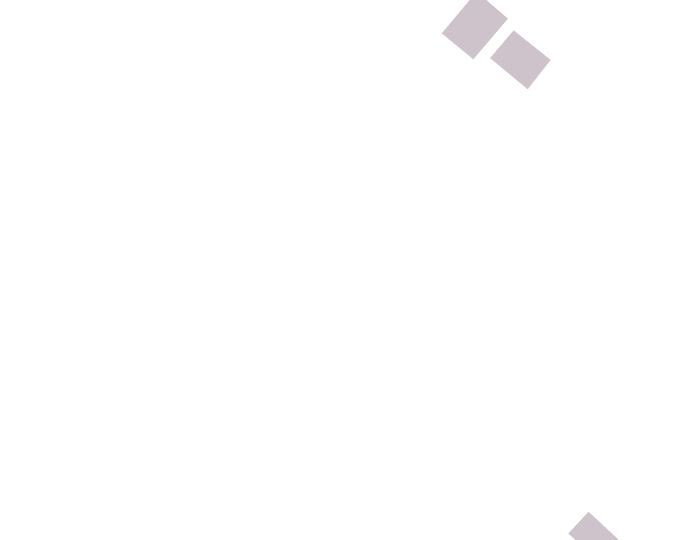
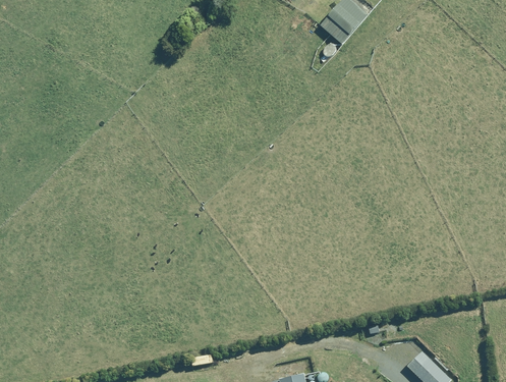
building: [489,29,552,90] -> none

